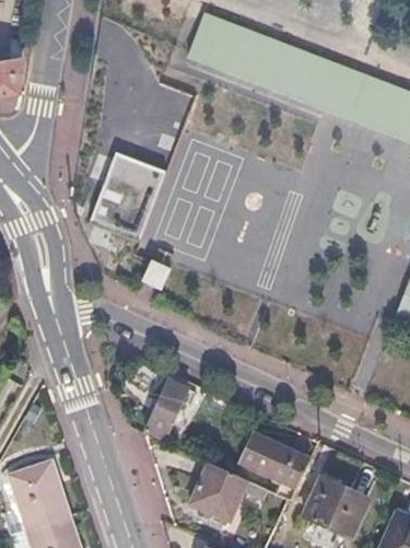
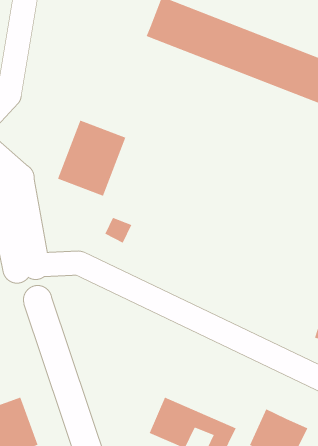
building: [147,380,186,441] -> none
building: [239,430,311,483] -> none

